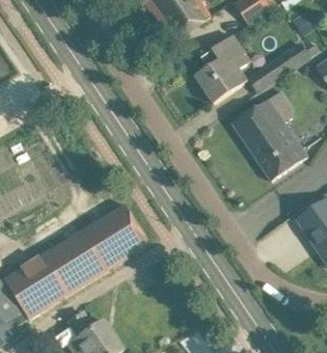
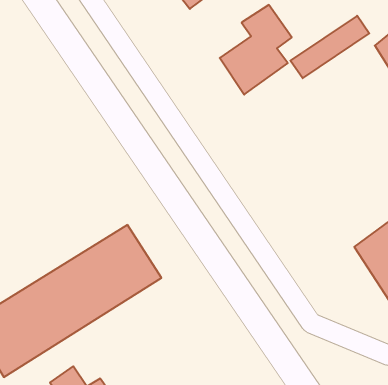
building: [231,89,306,181] -> none

